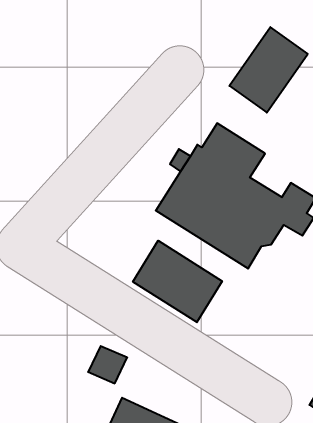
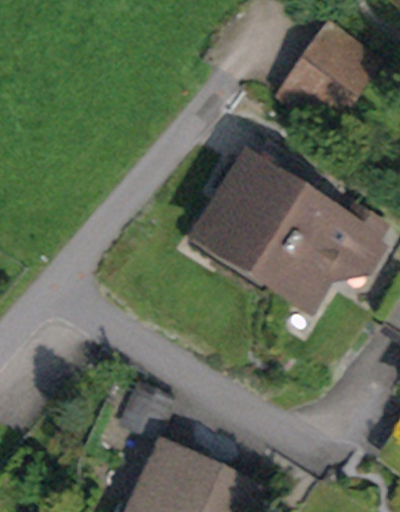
building: [133,241,222,322] -> none

